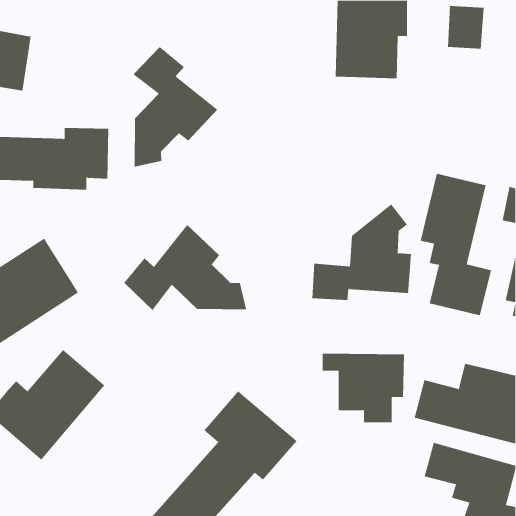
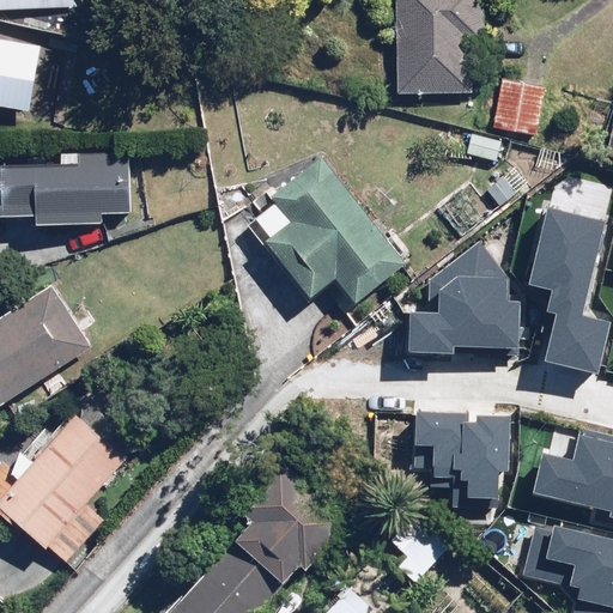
building: [447,6,485,49] -> [498,81,542,133]
building: [133,46,218,168] -> none
building: none -> [268,154,407,303]
building: [124,224,247,311] -> none

